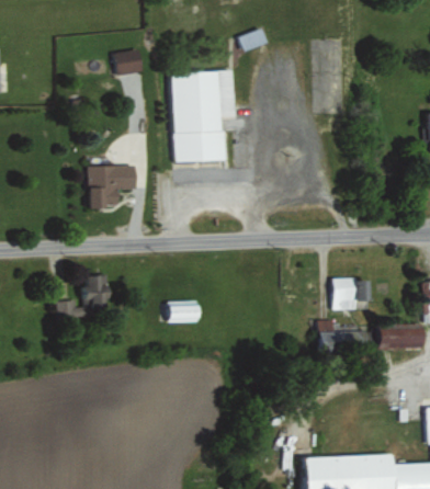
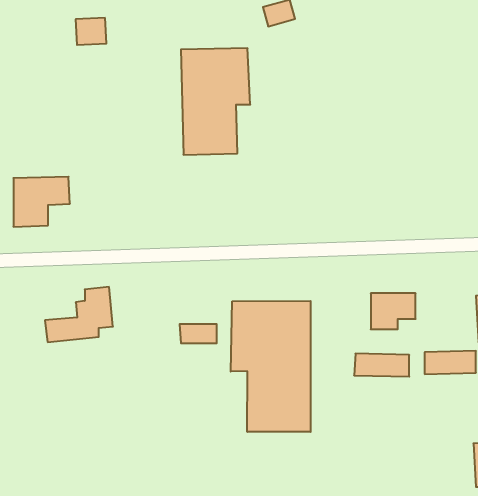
building: [115,50,142,73] -> [76,18,106,45]
building: [89,166,137,208] -> [13,177,70,227]
building: none -> [231,301,311,432]

